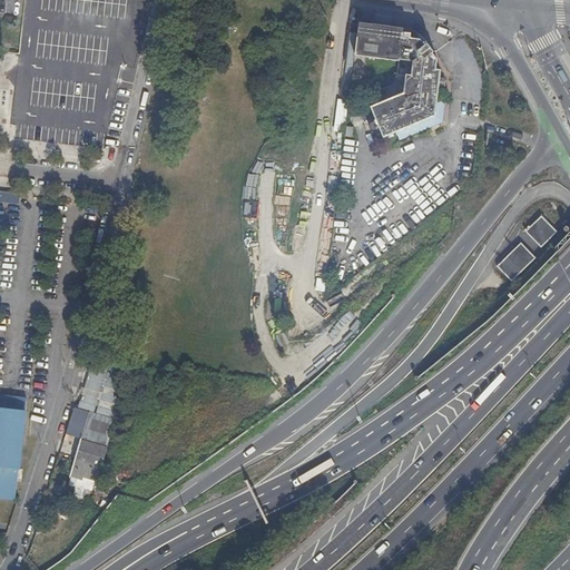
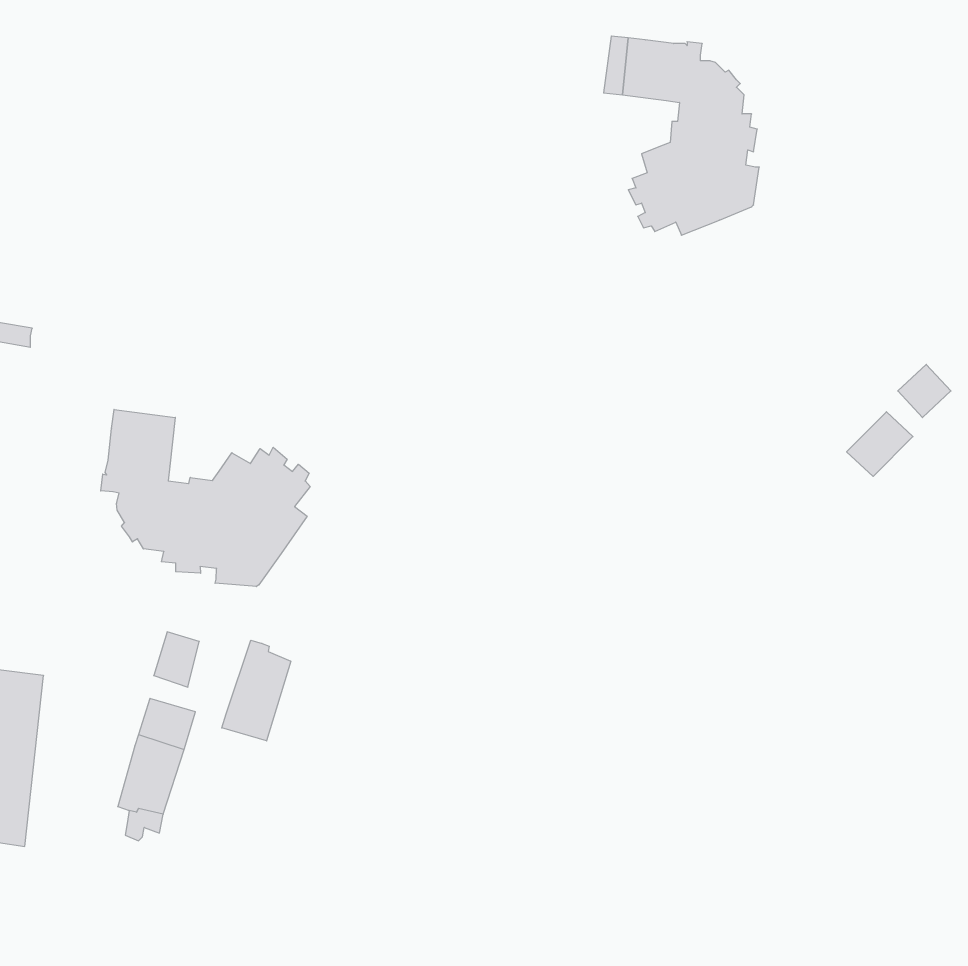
building: none -> [101,409,310,587]
building: none -> [222,640,291,741]
building: [65,405,88,438] -> none

